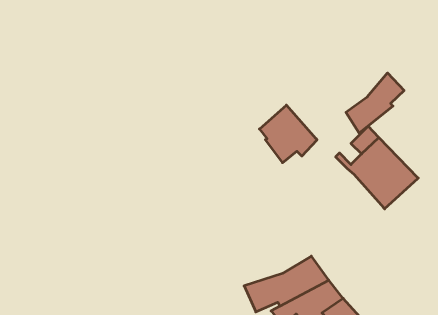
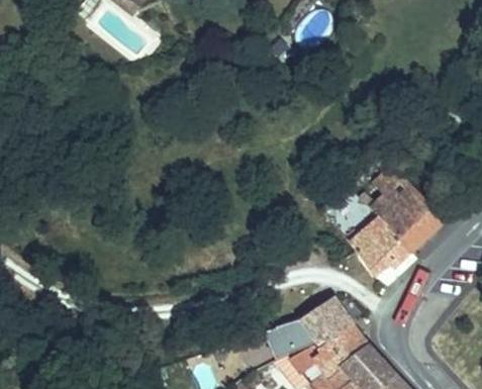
building: [346,73,404,133] -> none
building: [259,105,317,163] -> [350,216,410,277]

